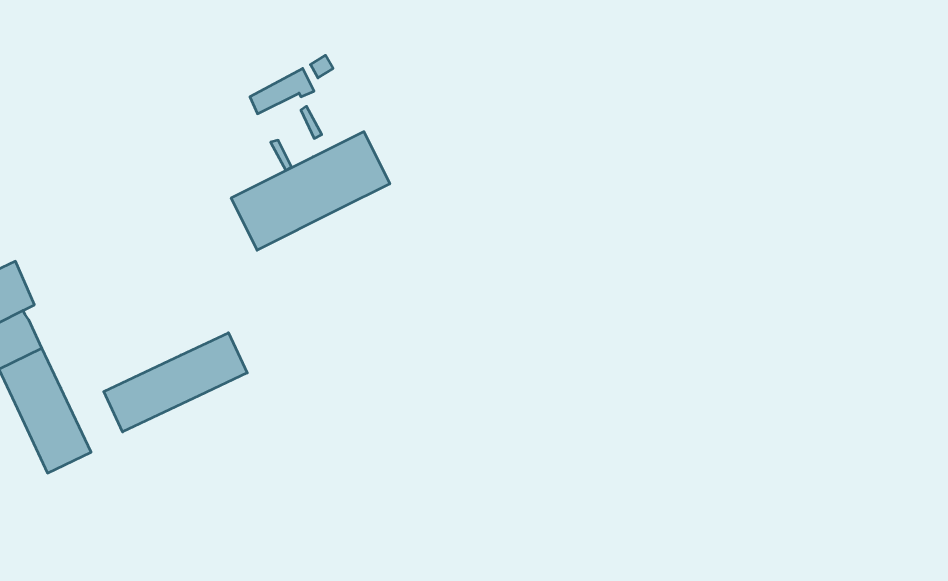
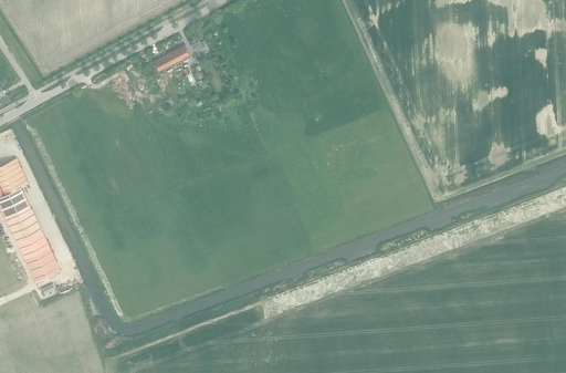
building: [231,132,390,250] -> none
building: [104,333,247,432] -> none

